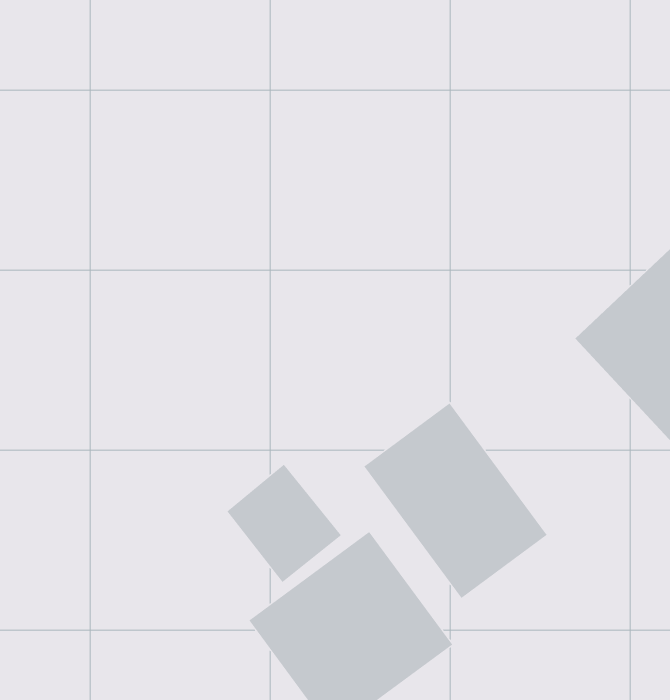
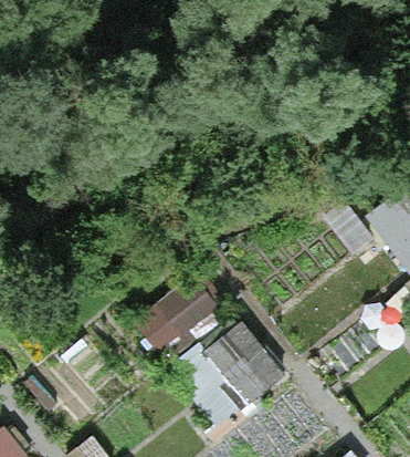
building: [364,402,548,599] -> none

